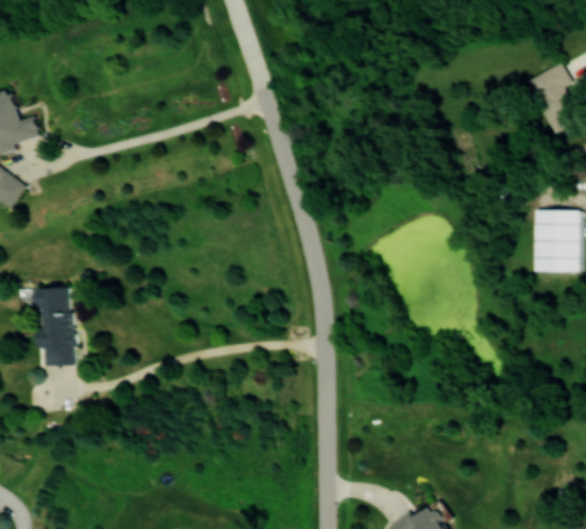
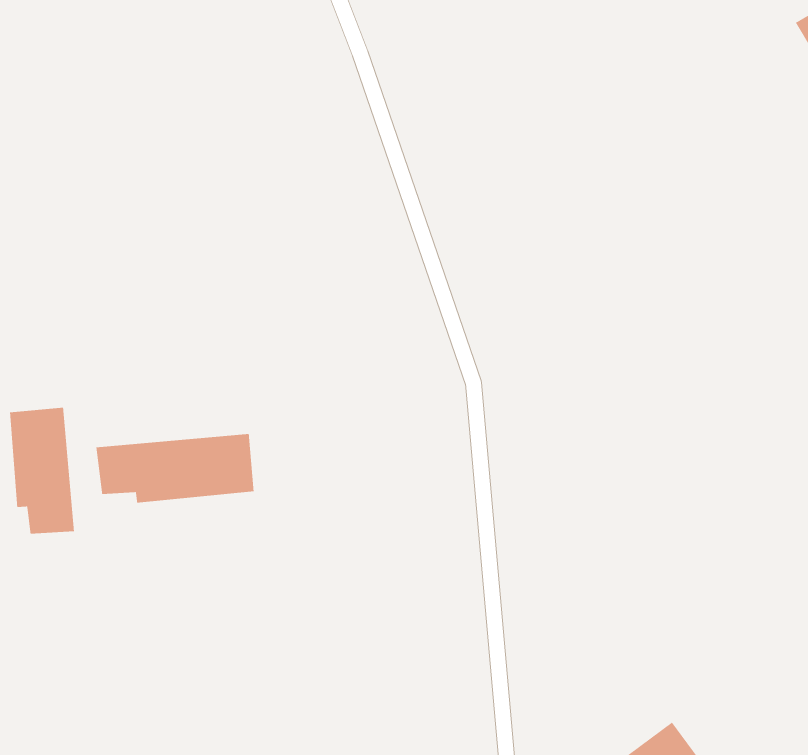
building: none -> [95,433,254,503]

